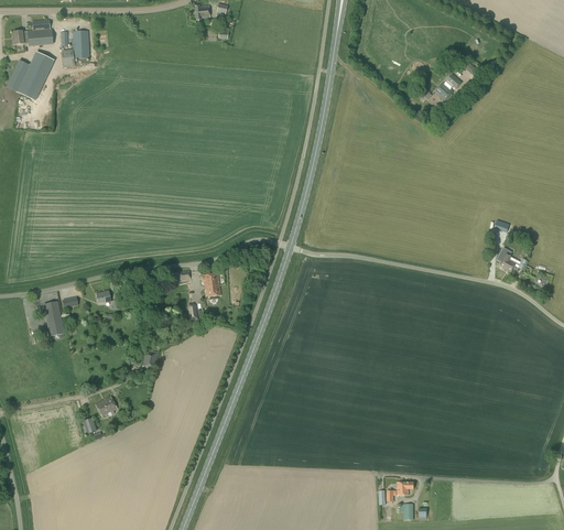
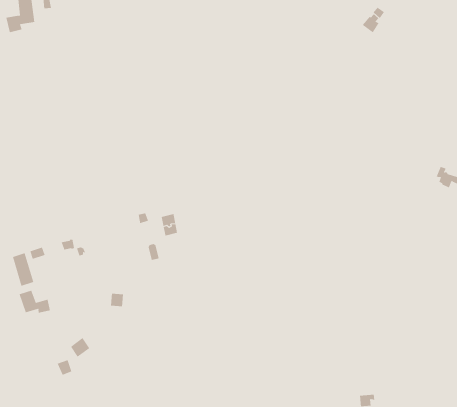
building: none -> [19,290,51,313]

